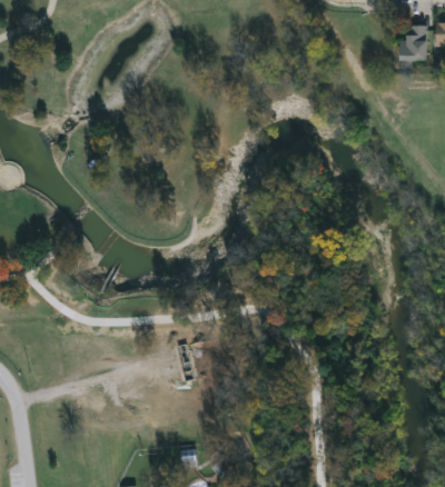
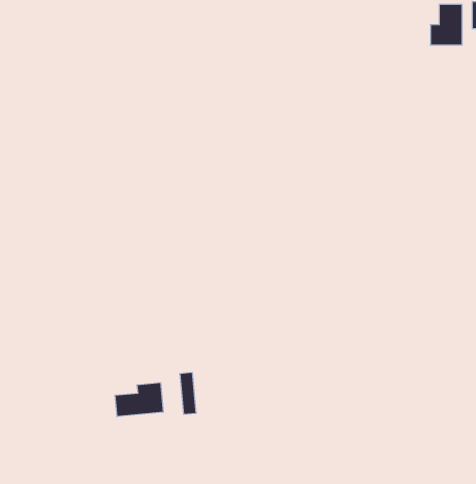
building: none -> [115,383,163,417]

